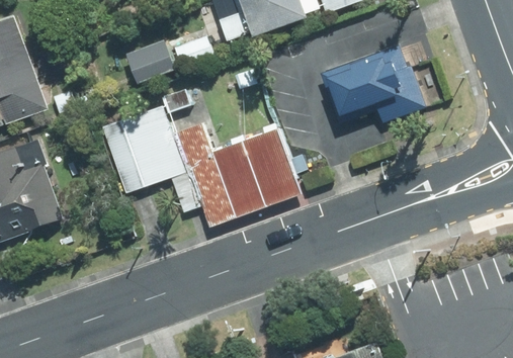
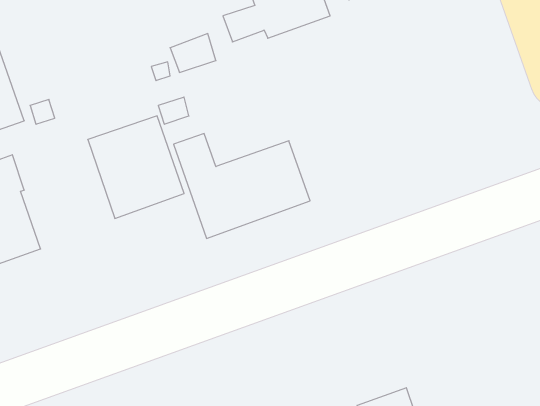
building: [320,47,424,125] -> none

